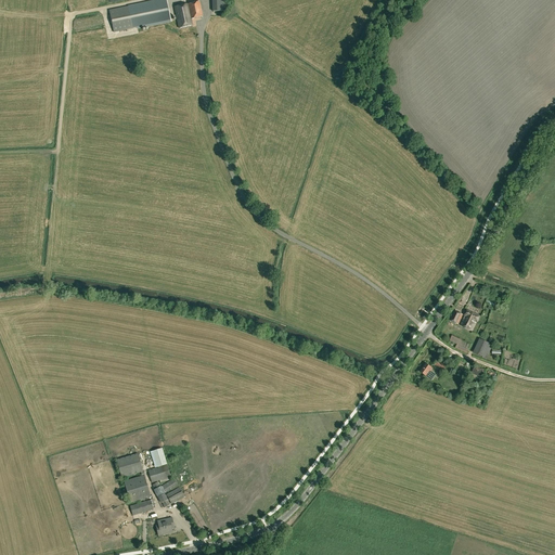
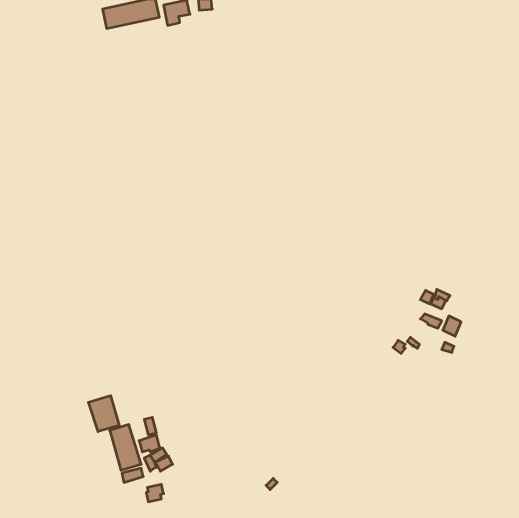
building: none -> [88,396,119,432]

